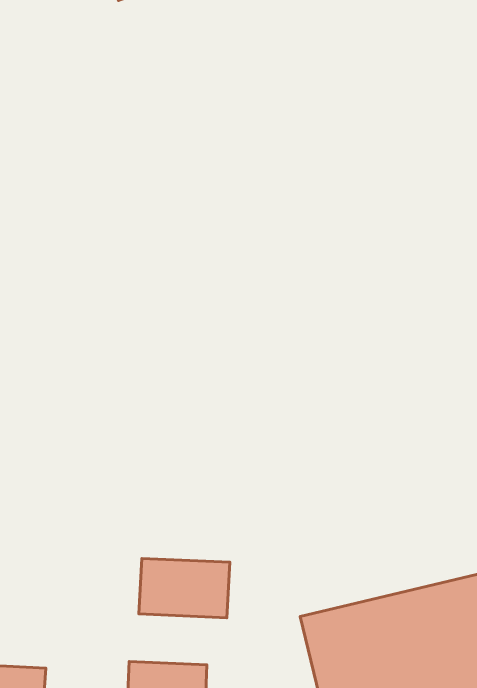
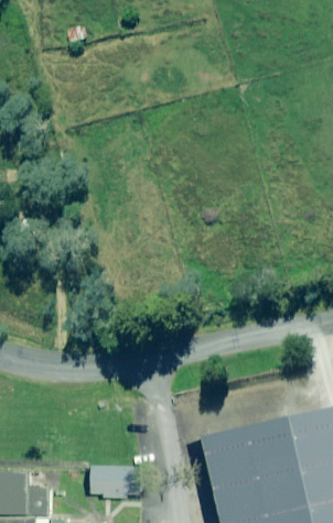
building: [139,558,230,618] -> none

